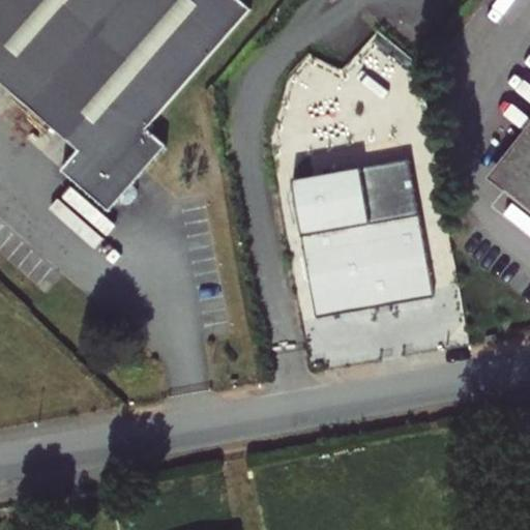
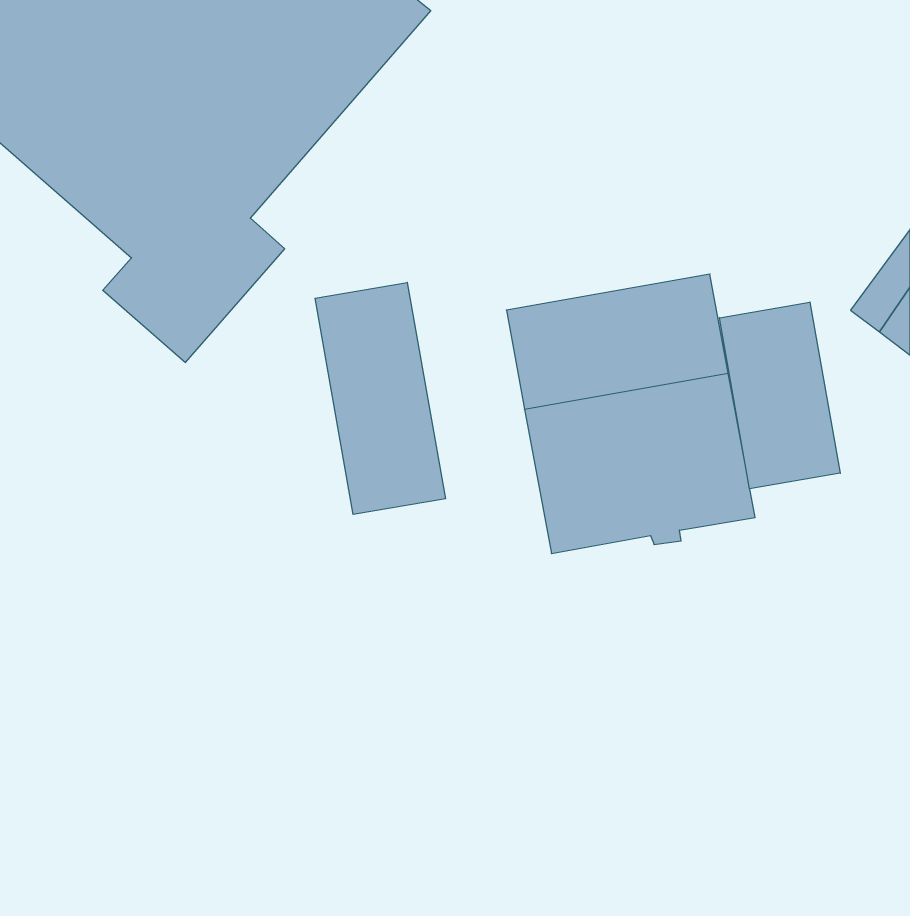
building: none -> [315,282,445,514]
building: none -> [719,302,840,489]

